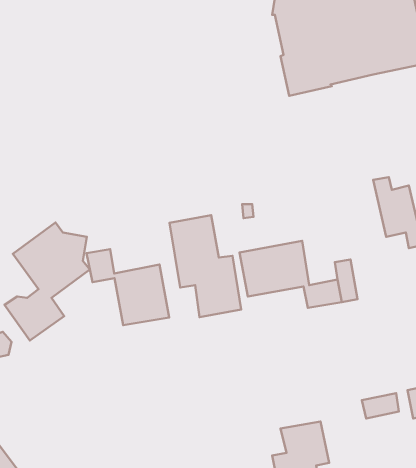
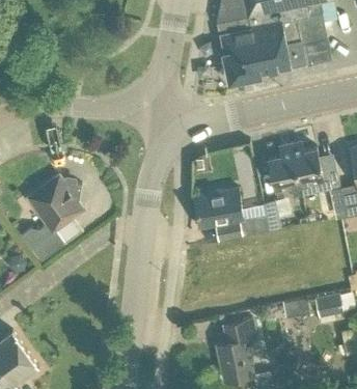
building: none -> [268,144,302,199]
building: [170,215,241,317] -> none
building: [87,249,169,325] -> none

